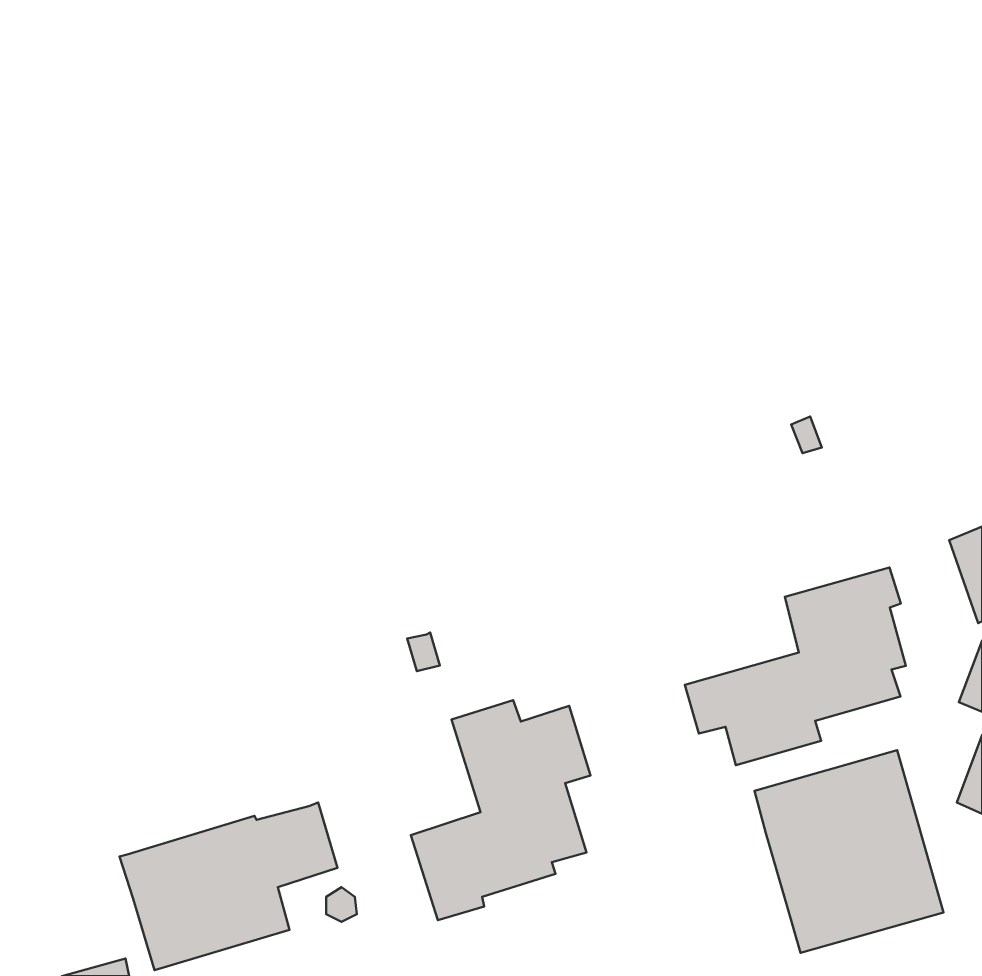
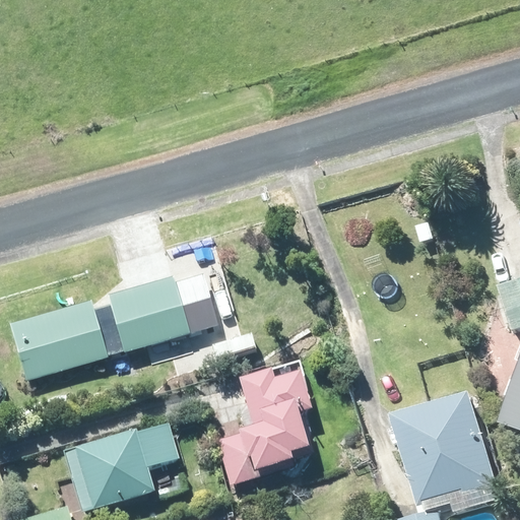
building: none -> [8,273,226,378]
building: [685,568,906,765] -> none

